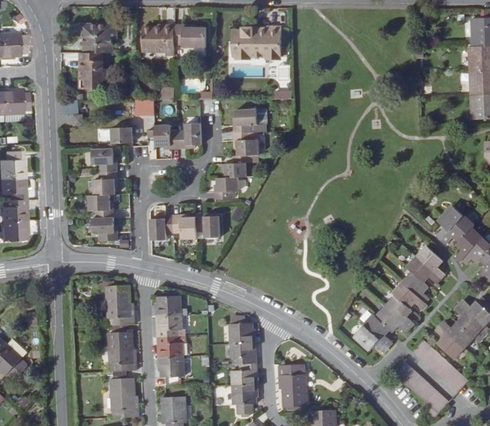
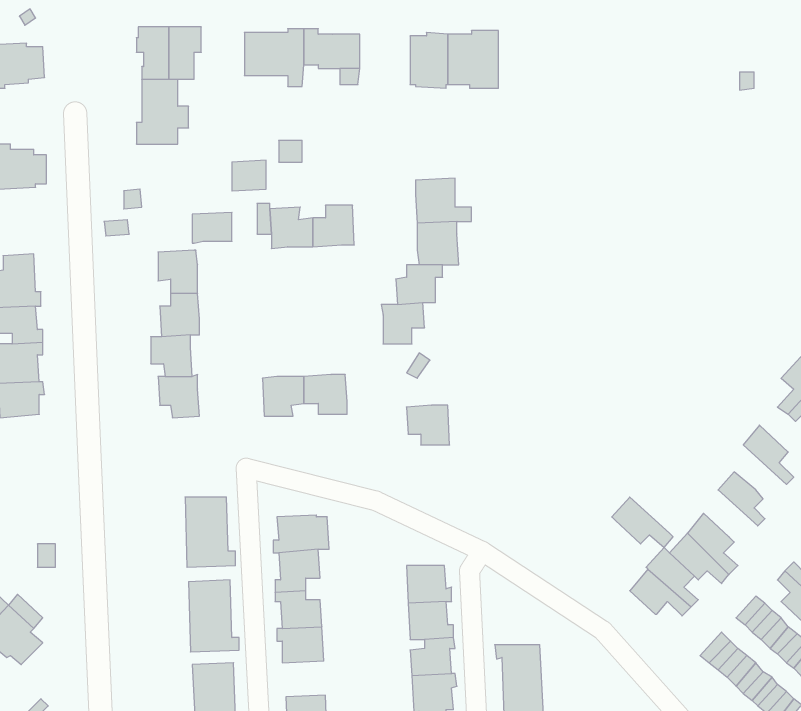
building: [196,216,220,238] -> [406,405,450,445]
building: [408,256,441,283] -> none
building: [393,281,427,309] -> [612,497,673,547]

